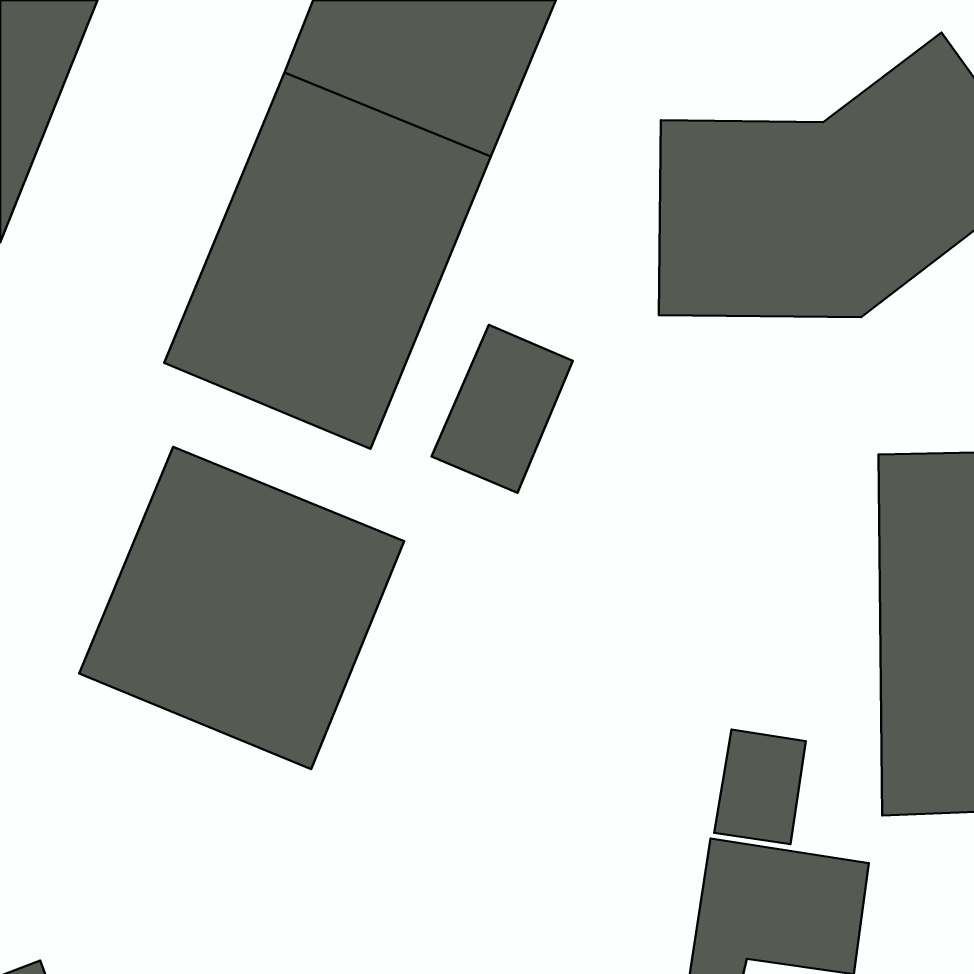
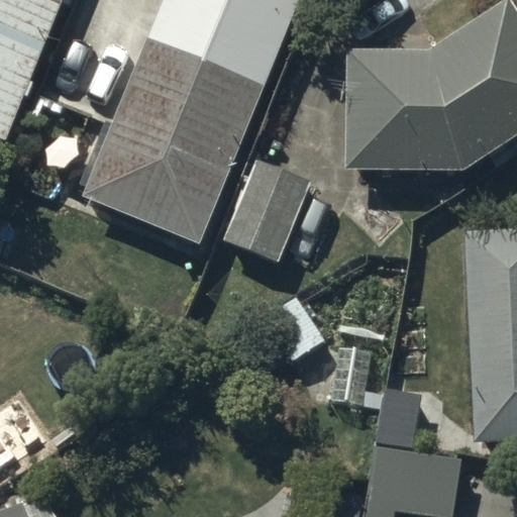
building: [79,447,404,769] -> none

